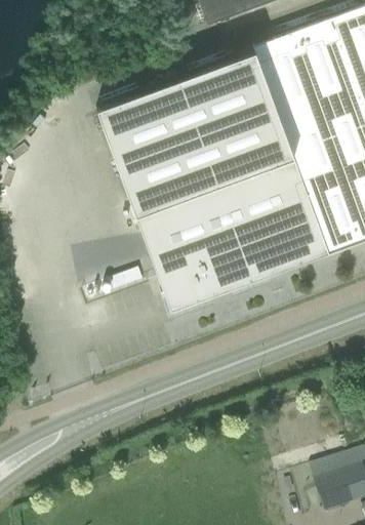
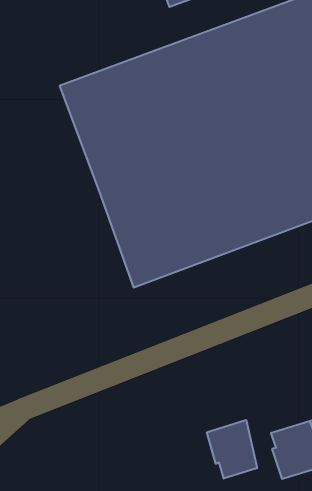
building: none -> [207,420,257,479]

